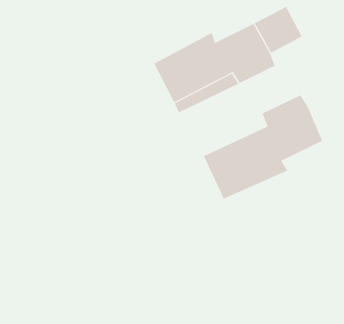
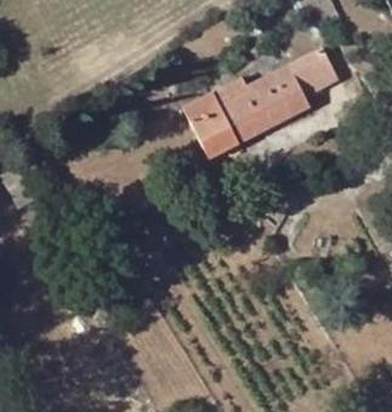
building: [203,94,323,199] -> none

